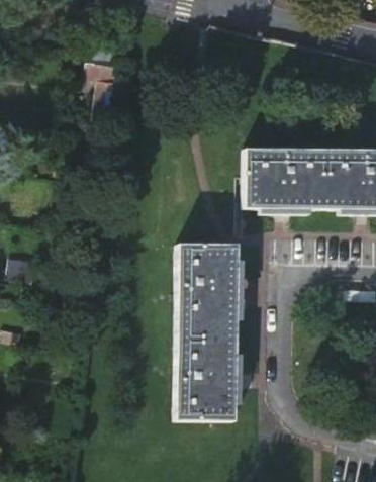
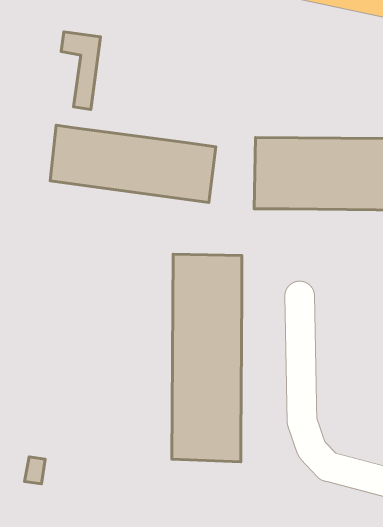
building: none -> [50,125,216,202]

